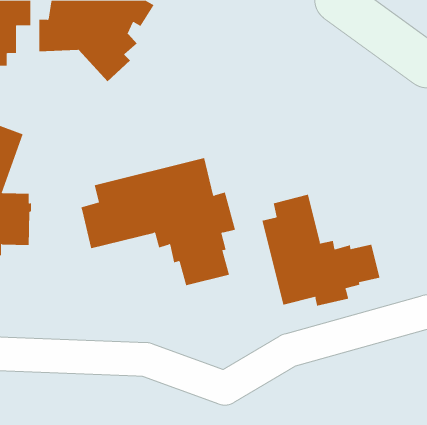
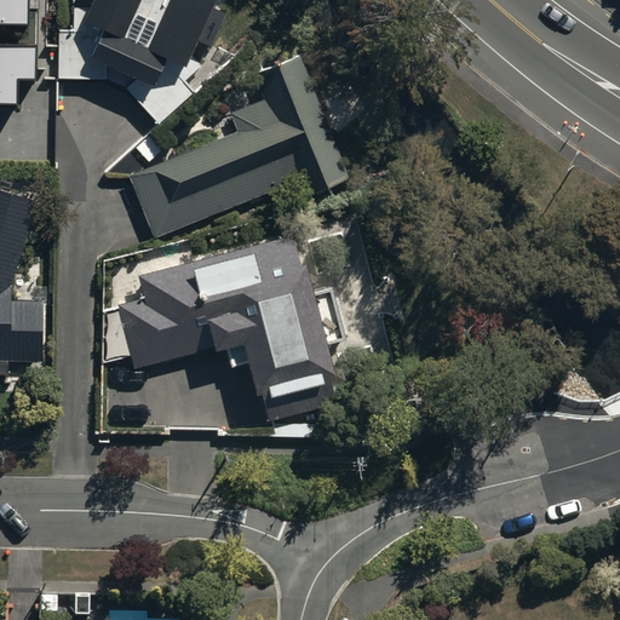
building: none -> [128,54,346,239]
building: [262,194,380,307] -> none

